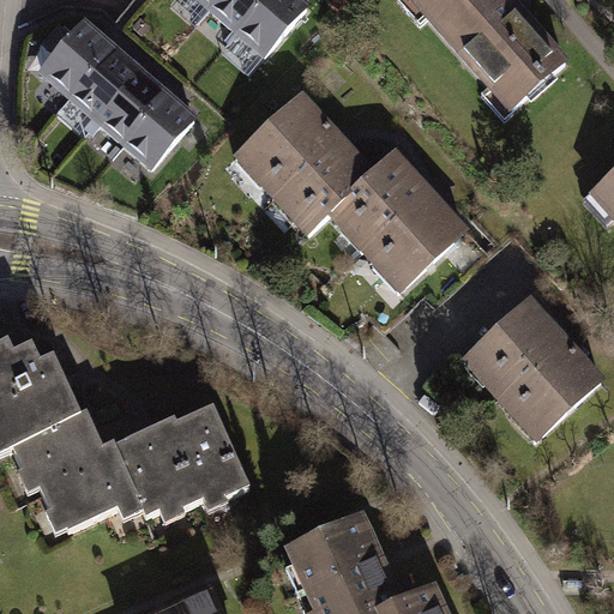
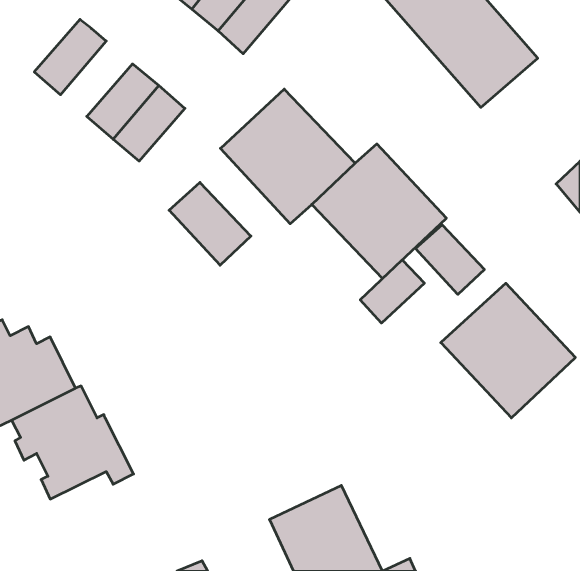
building: [64,43,139,122] -> none
building: none -> [169,182,251,265]
building: none -> [416,225,484,294]
building: none -> [360,260,424,323]
building: [110,396,248,510] -> none

